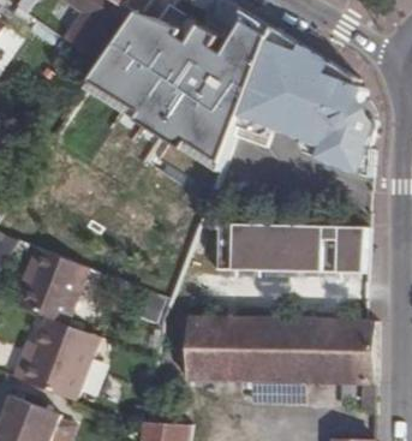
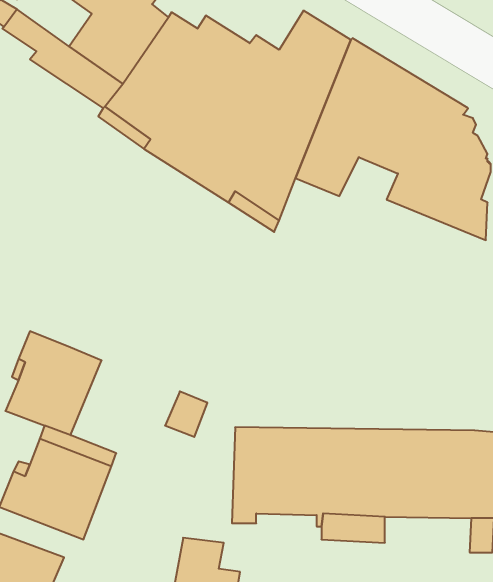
building: [222,222,369,272] -> none

